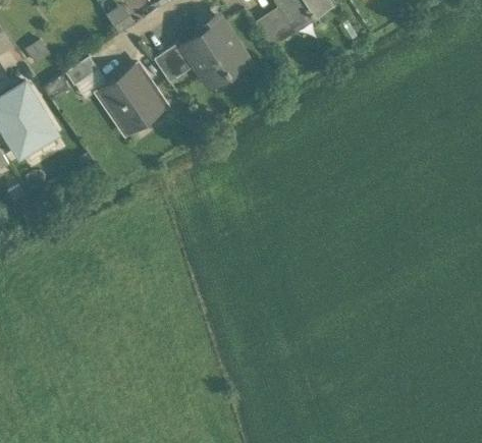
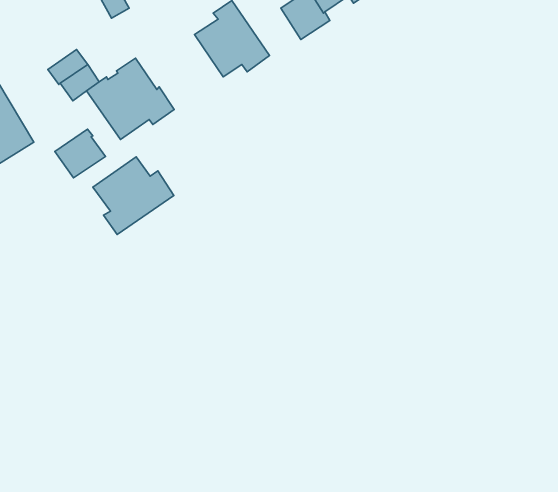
building: [153,42,198,81] -> none
building: none -> [55,129,105,178]
building: none -> [93,157,174,235]

